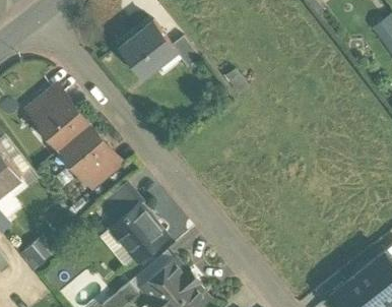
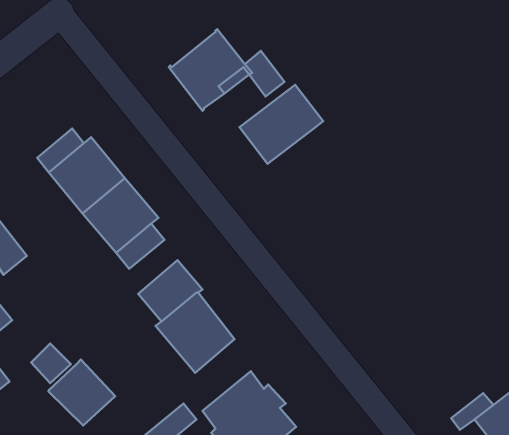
building: none -> [239,85,323,164]
building: none -> [49,360,115,426]

